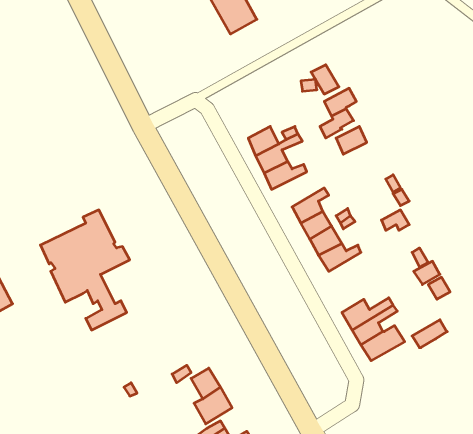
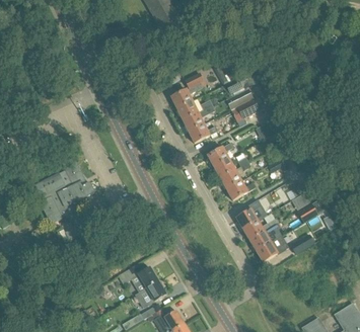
building: none -> [171,68,208,107]
building: none -> [236,197,268,228]

